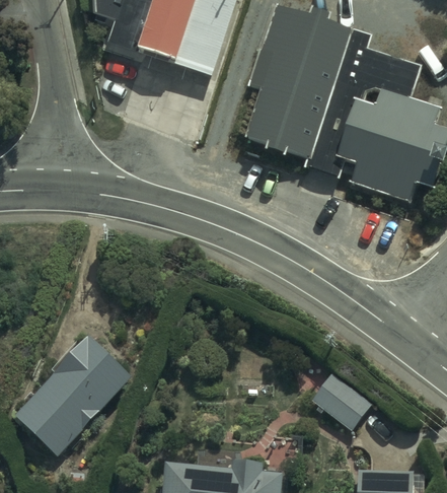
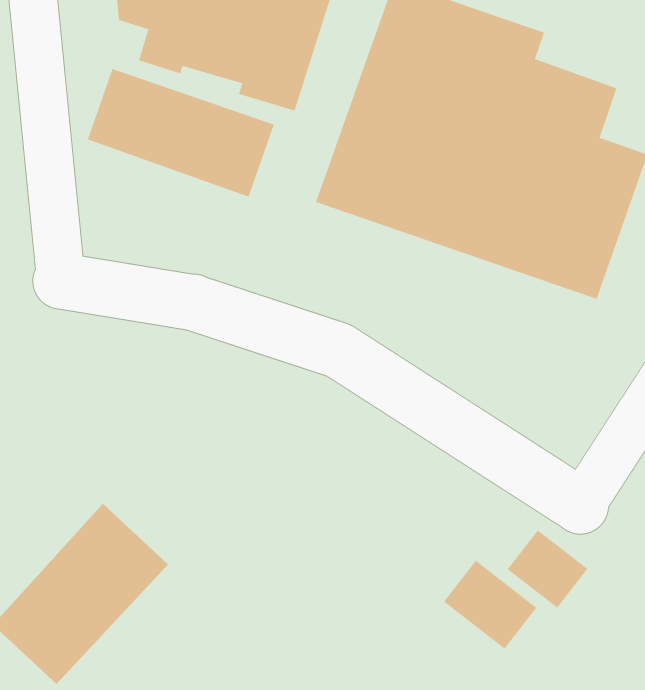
building: none -> [87,68,274,198]
building: none -> [507,529,588,609]

